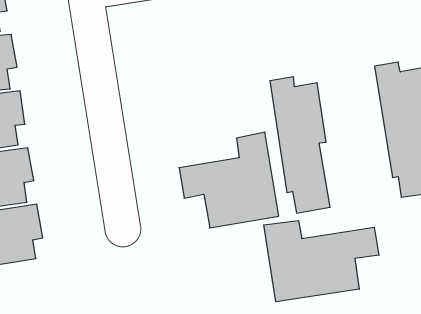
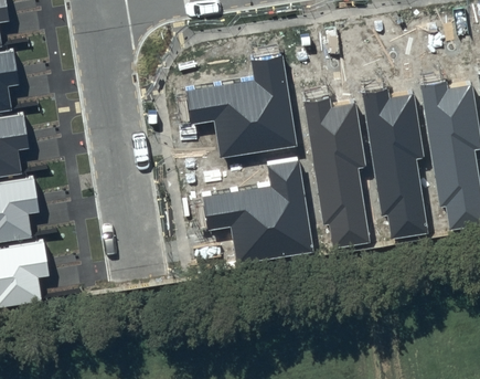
building: none -> [185,52,297,158]
building: none -> [362,87,428,240]
building: [264,221,379,302] -> none

